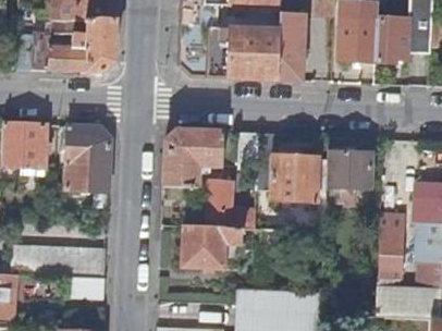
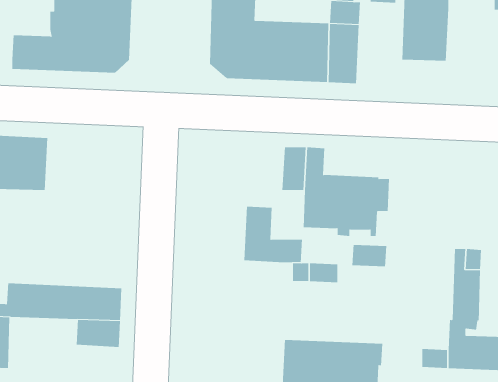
building: [375,17,407,62] -> none
building: [65,124,111,192] -> none
building: [163,128,223,187] -> none
building: [327,151,371,203] -> none
building: [182,225,241,268] -> none

